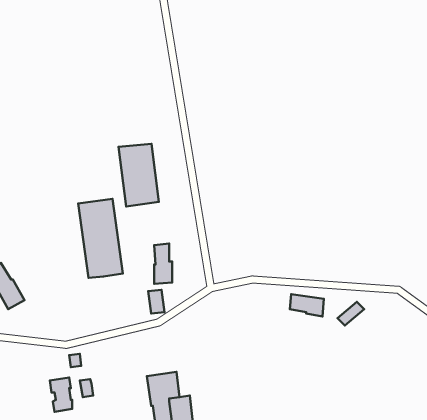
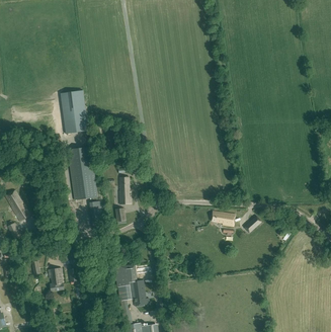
building: [119,144,159,206] -> [61,91,88,134]

